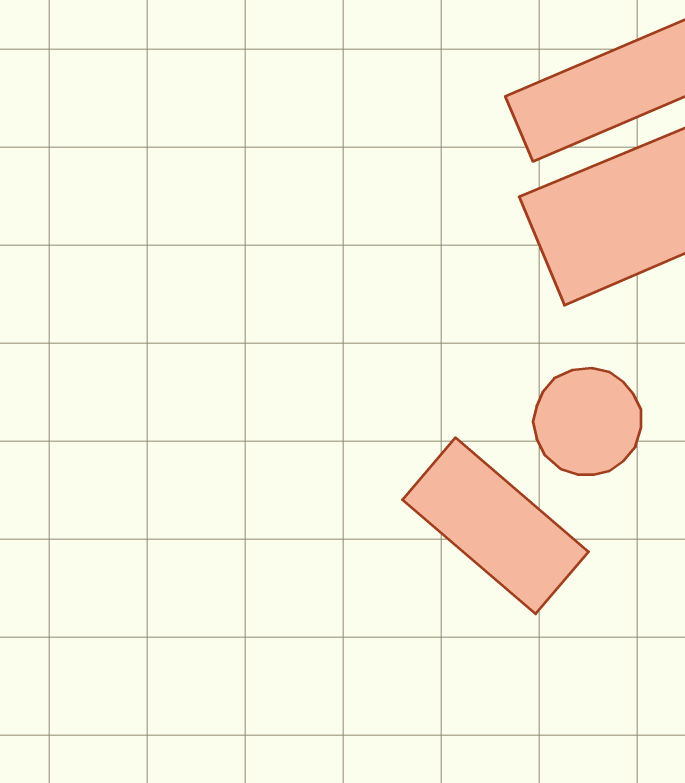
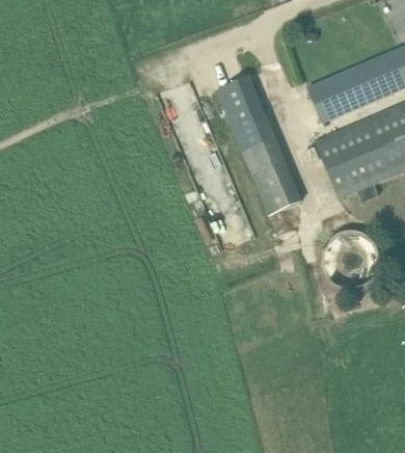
building: none -> [216,76,300,215]
building: [402,438,589,614] -> none

